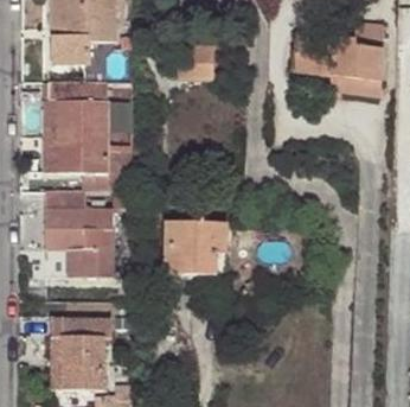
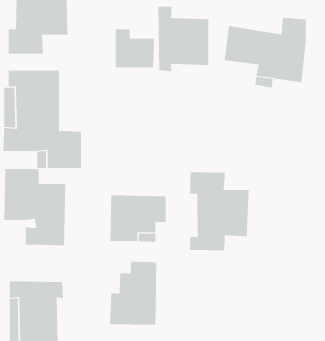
building: none -> [158,6,209,72]
building: none -> [190,171,249,251]
building: none -> [110,261,157,326]

